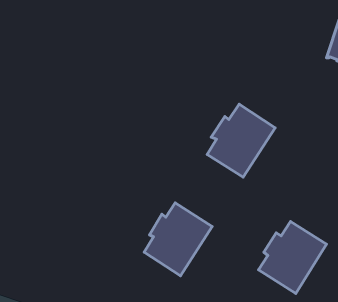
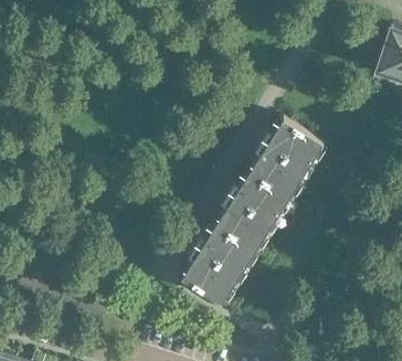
building: [259,221,327,293] -> [213,174,286,252]

